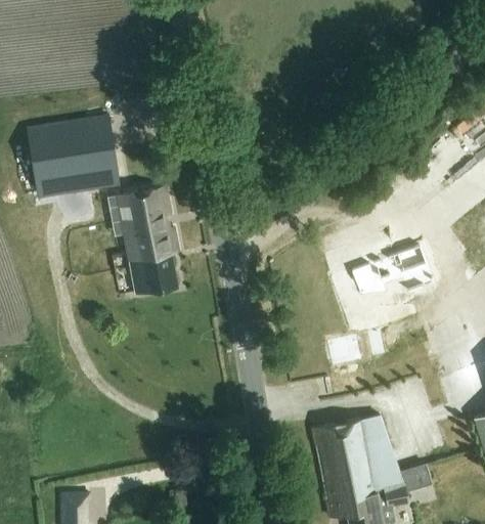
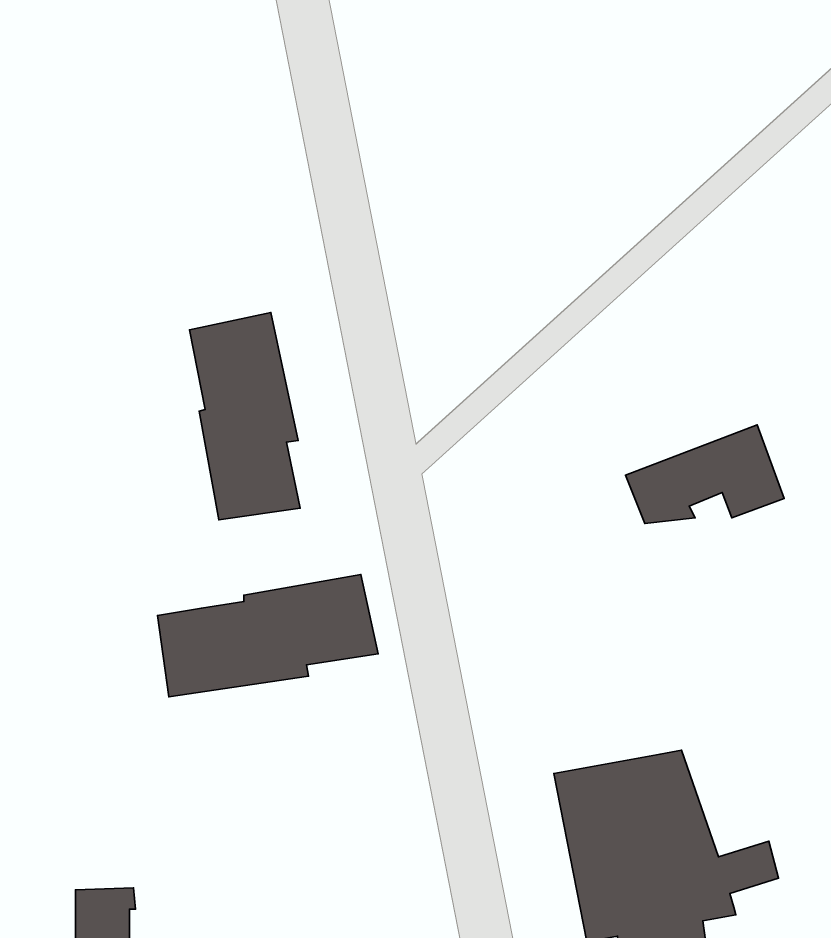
building: [28,118,121,199] -> none
building: none -> [158,574,378,697]

